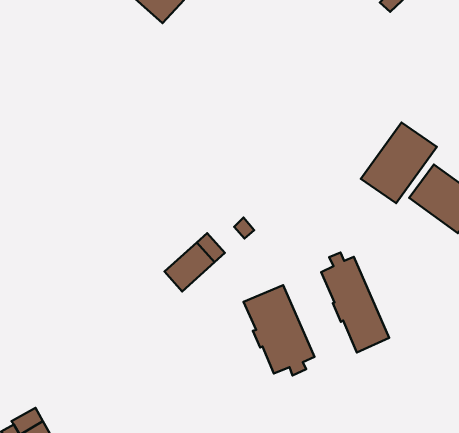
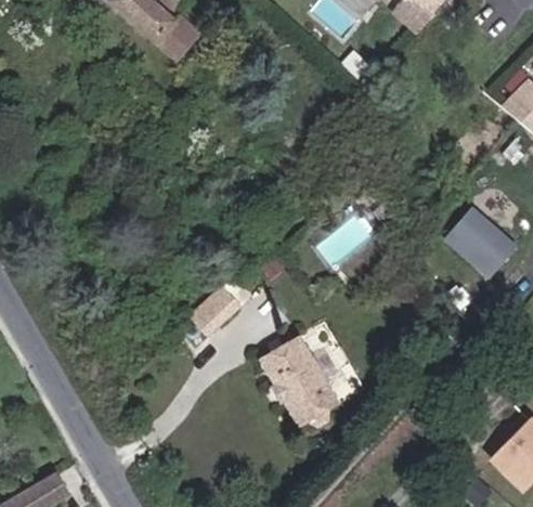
building: [361,123,437,203] -> none
building: [321,253,389,352] -> none

